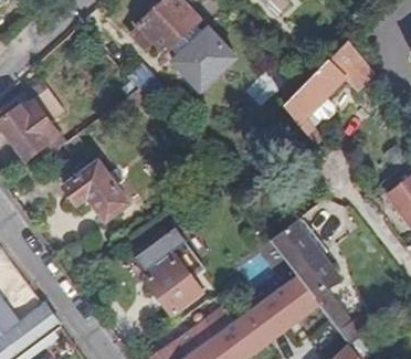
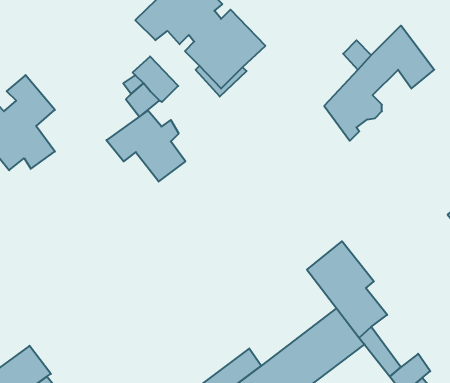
building: [62,160,127,219] -> [106,111,185,182]
building: [137,220,203,315] -> none

